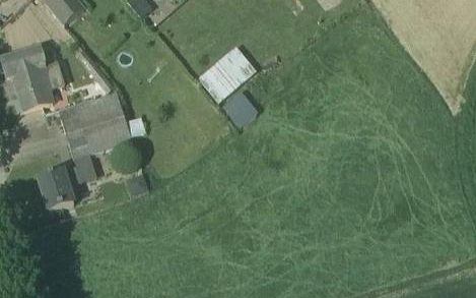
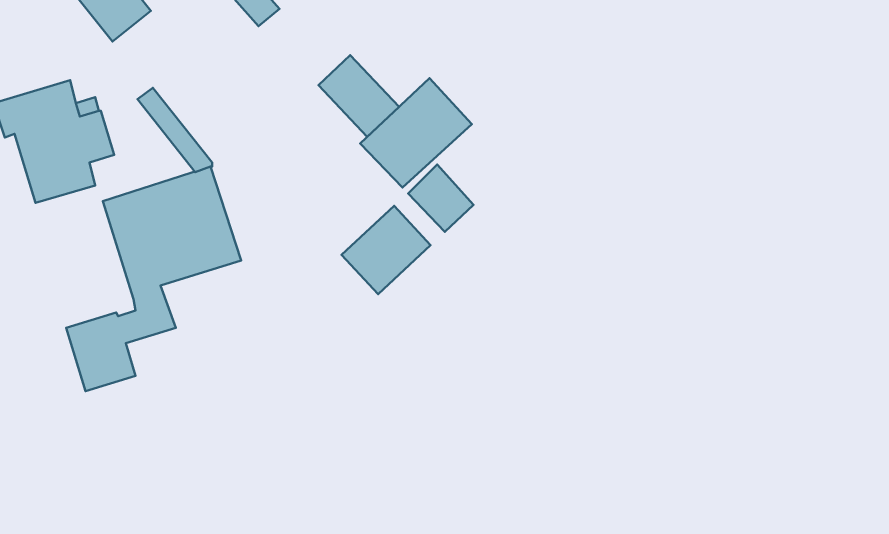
building: none -> [318,55,399,137]
building: none -> [341,206,431,294]

